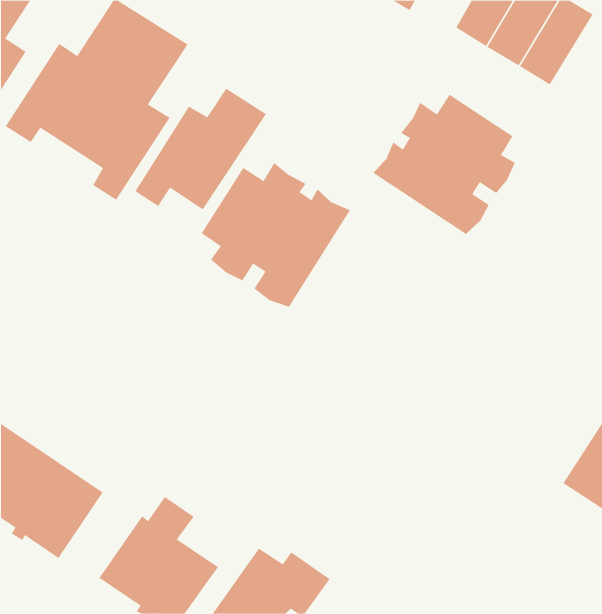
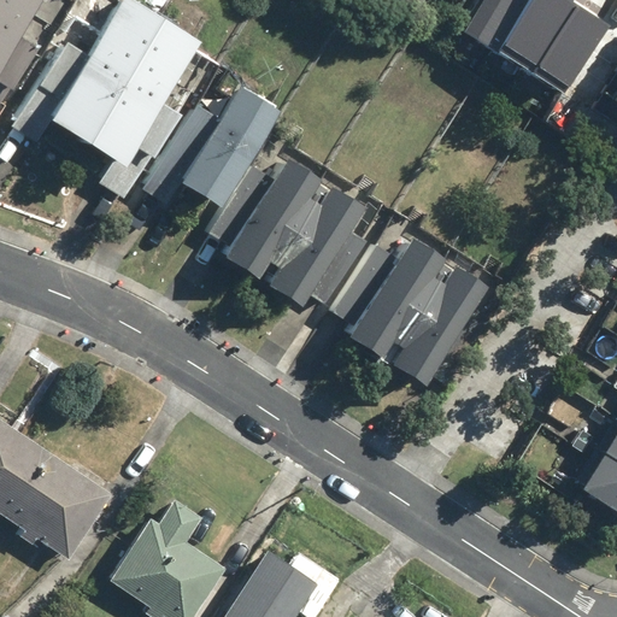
building: [372,94,516,235] -> none
building: none -> [336,242,486,386]

